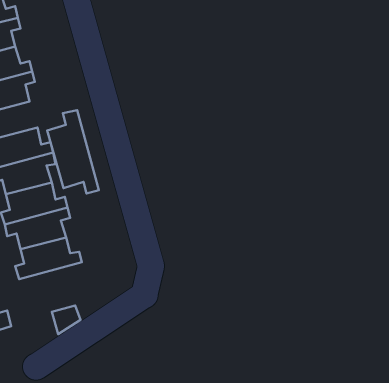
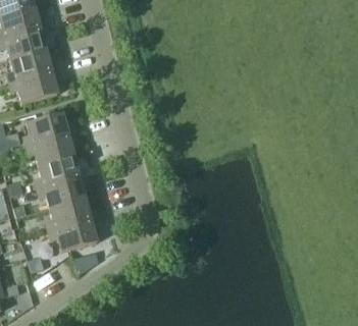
building: [47,110,99,194] -> none
building: none -> [47,218,98,251]

